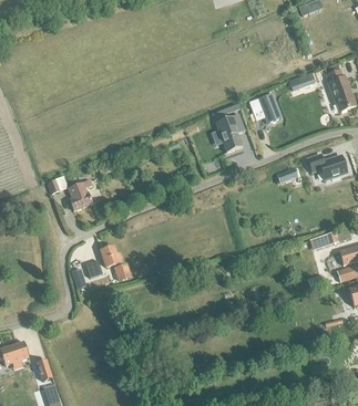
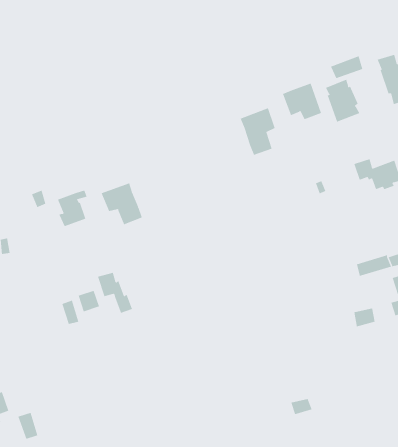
building: none -> [325,79,360,122]
building: none -> [101,182,143,225]

